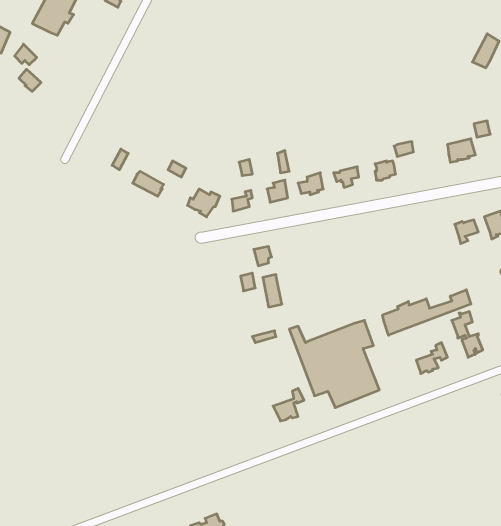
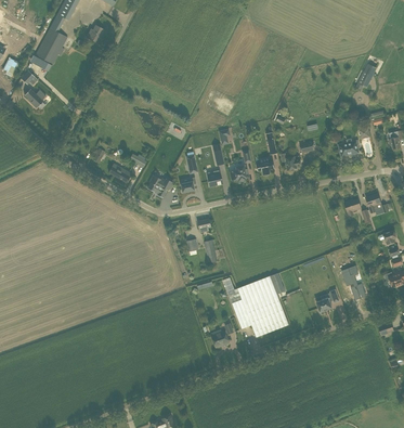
building: [383,290,471,335] -> none

